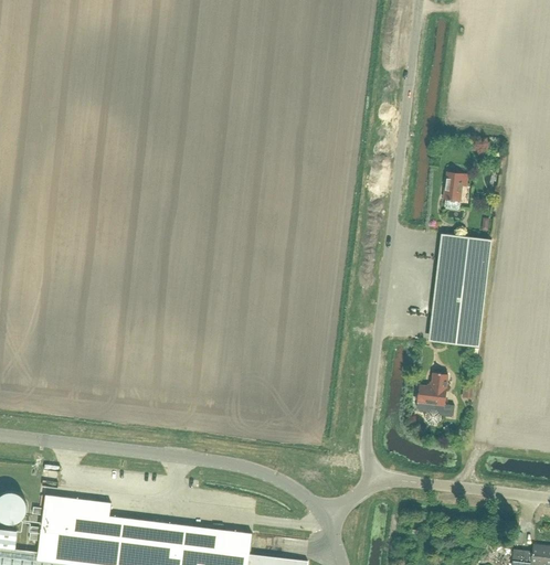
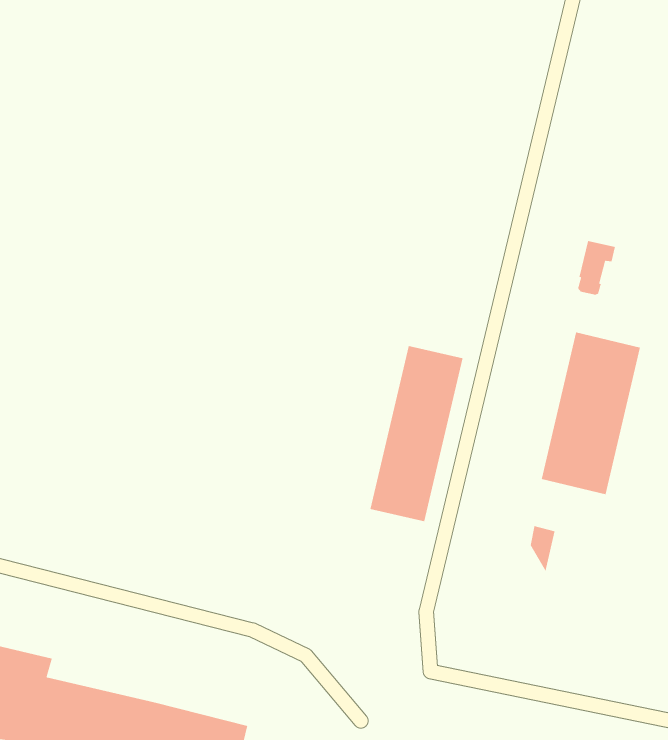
building: none -> [370,345,463,522]
building: [415,386,453,424] -> none

